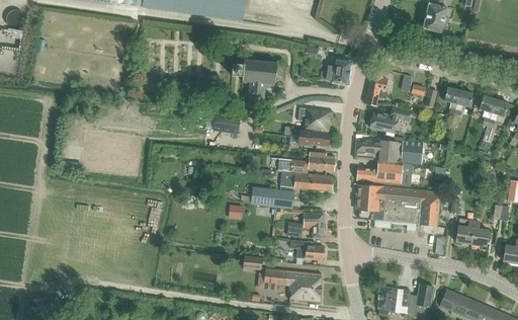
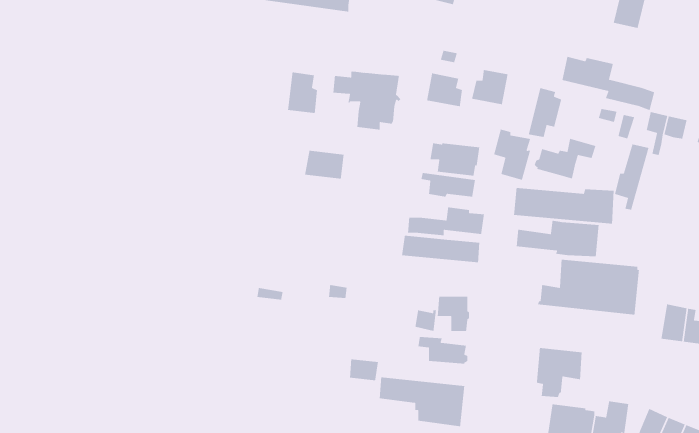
building: none -> [561,56,655,111]
building: none -> [287,72,318,114]
building: none -> [426,73,463,107]
building: none -> [493,128,531,181]
building: none -> [614,143,649,211]
building: [355,184,386,219] -> [536,347,582,398]
building: [251,186,293,208] -> none

